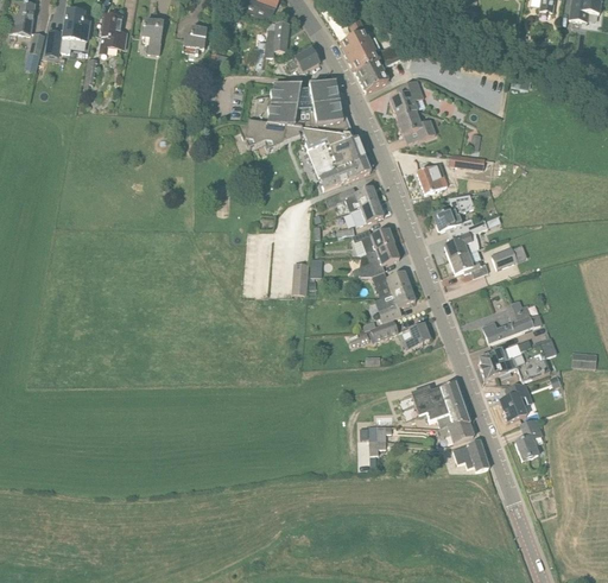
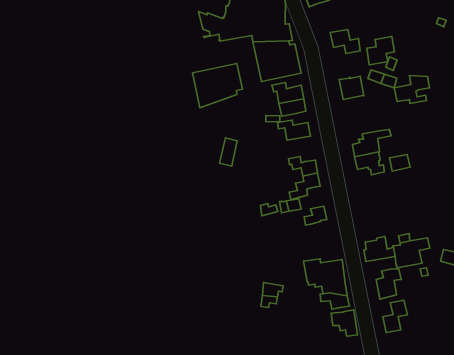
building: [391,78,424,116] -> [367,36,394,65]
building: none -> [192,63,242,108]
building: [433,194,475,229] -> [394,75,430,104]
building: [353,242,400,274] -> none
building: [483,298,543,342] -> none

